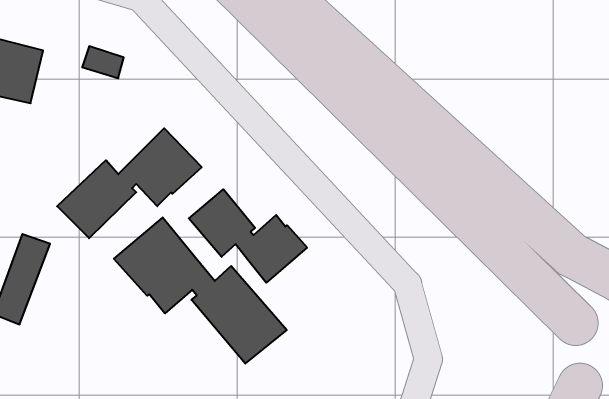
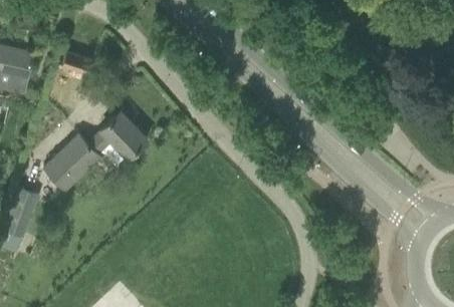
building: [189,189,307,283] -> none
building: [114,217,287,364] -> none

